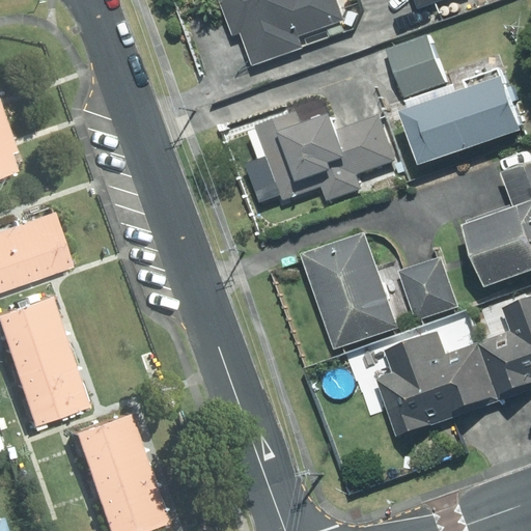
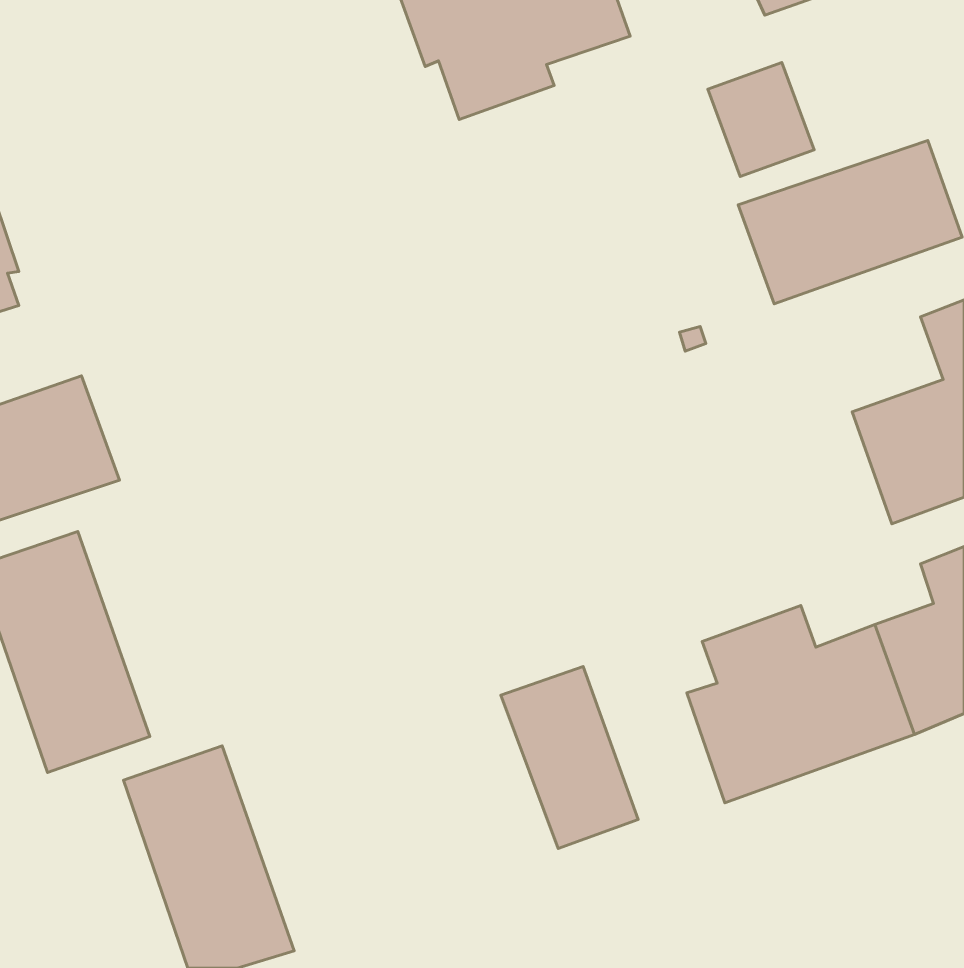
building: [249,111,395,201] -> none
building: [301,231,398,350] -> none
building: [398,256,457,320] -> none
building: none -> [501,667,638,848]

